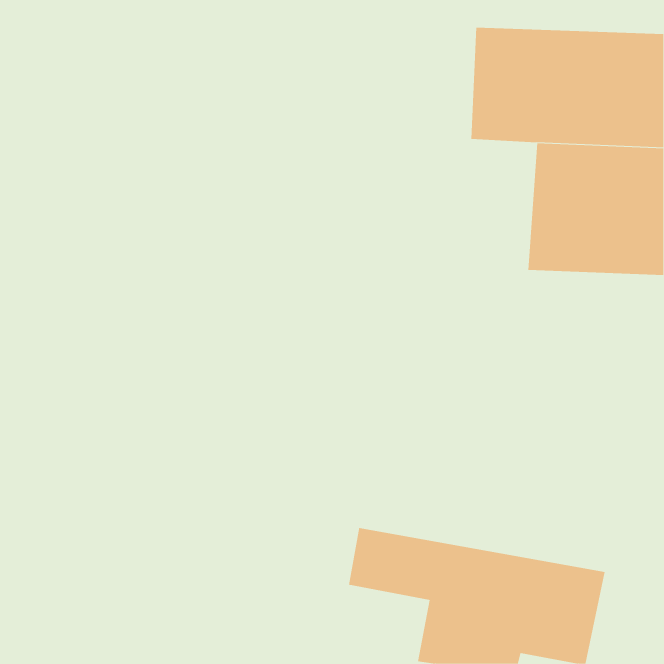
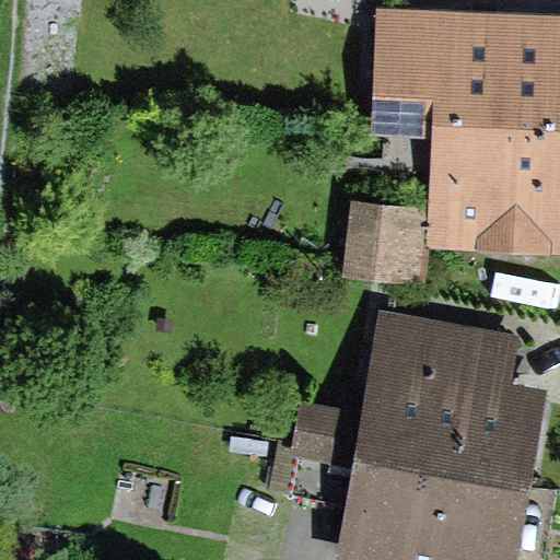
building: none -> [346,200,407,277]
building: none -> [302,323,524,481]

